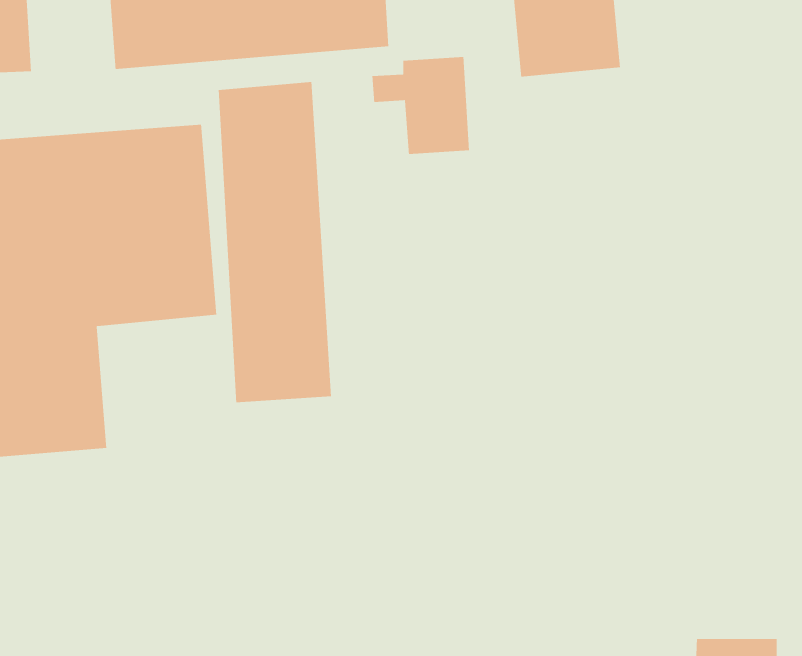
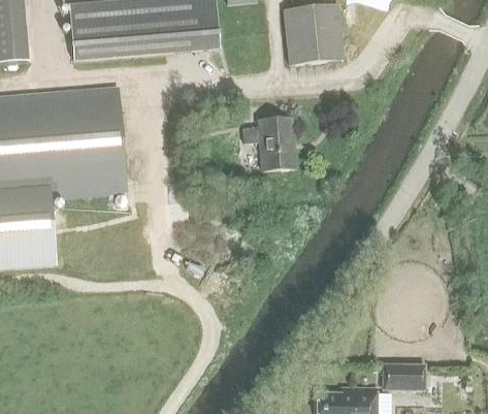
building: [371,56,470,155] -> [241,117,294,169]
building: [218,81,332,403] -> none

